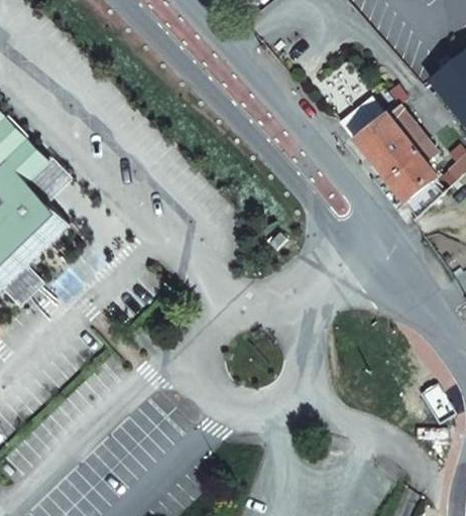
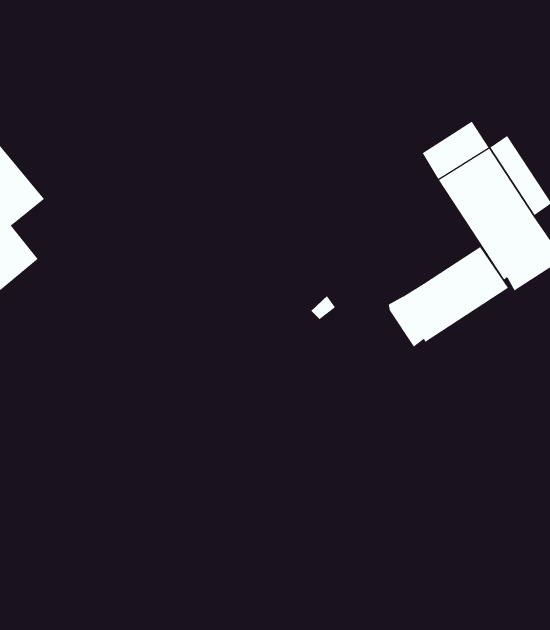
building: none -> [388,246,509,348]

